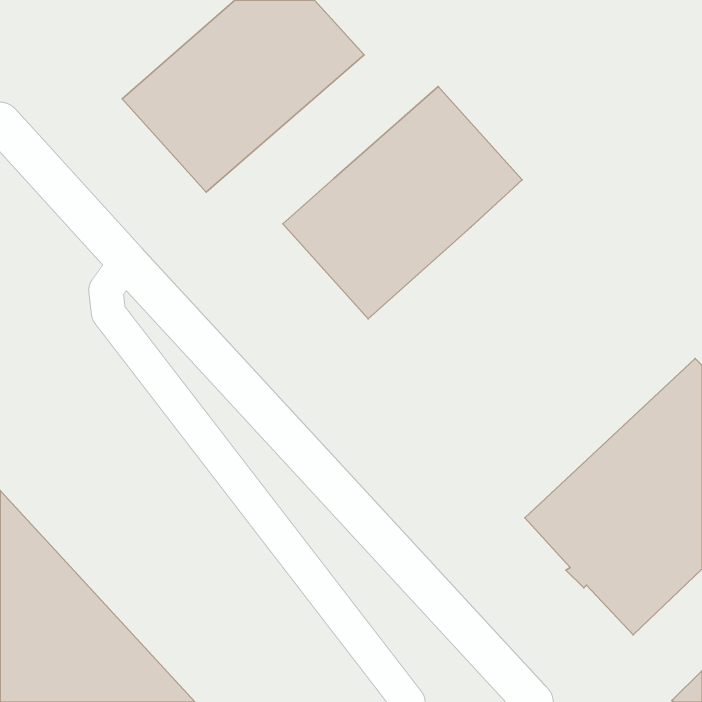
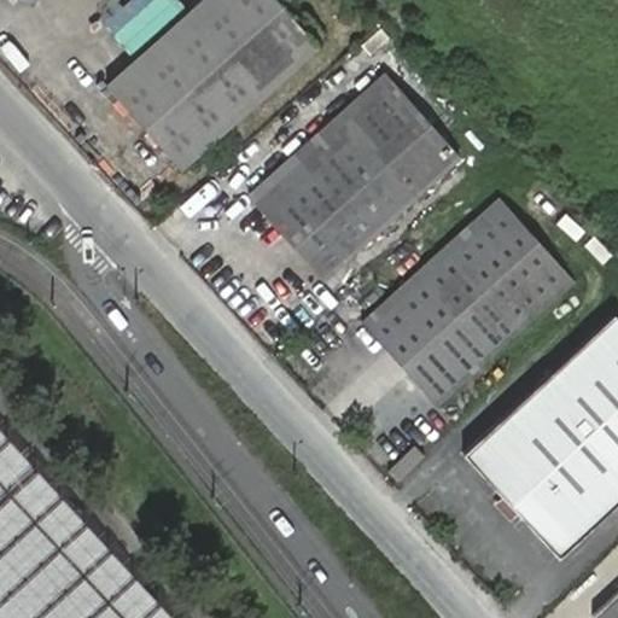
building: none -> [358,199,572,406]

